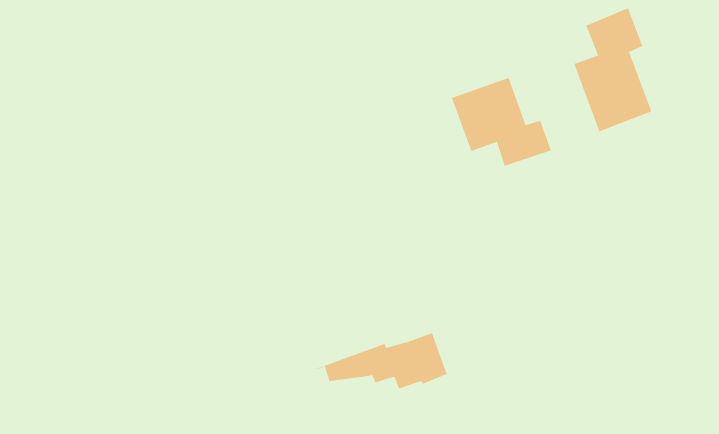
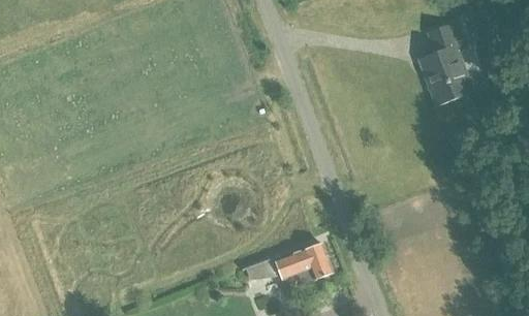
building: [451,77,551,167] -> none

